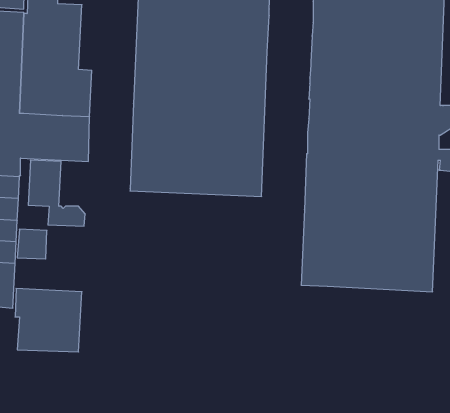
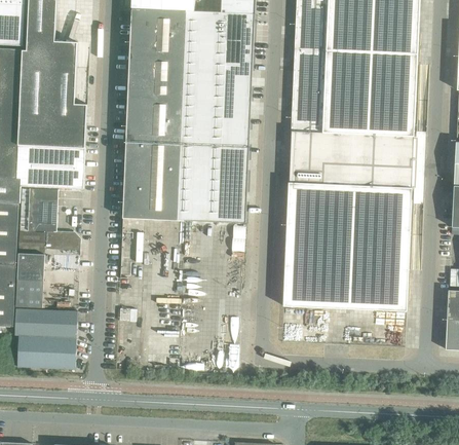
building: none -> [20,231,45,254]
building: none -> [16,280,44,307]

